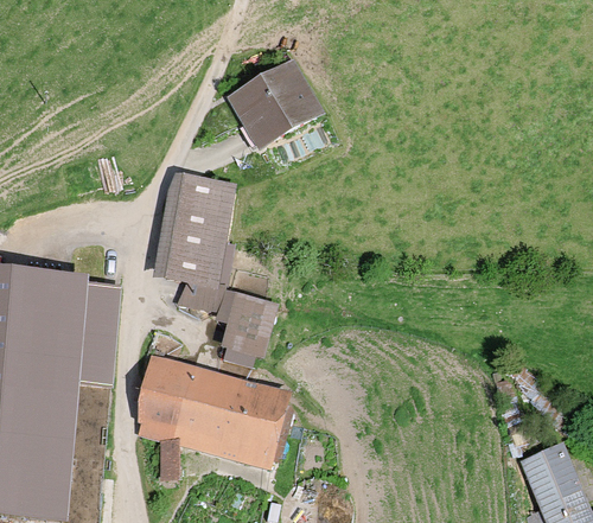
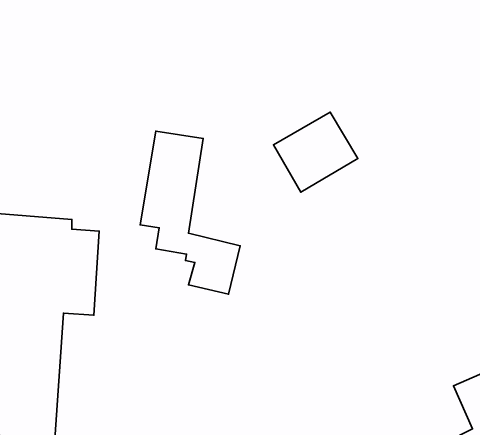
building: [229,59,324,149] -> [274,112,358,192]
building: [136,358,288,467] -> none

